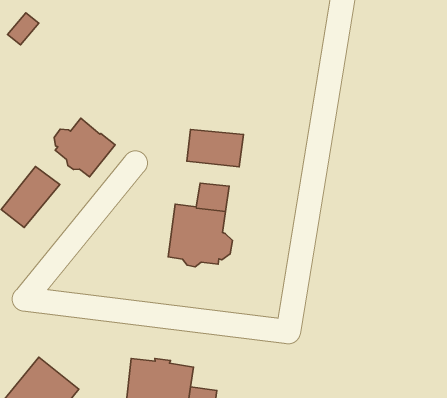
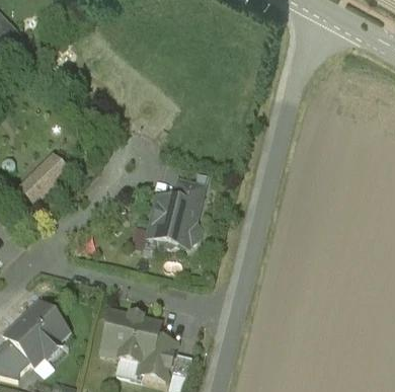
building: [54,118,115,177] -> none
building: [187,129,244,167] -> none

